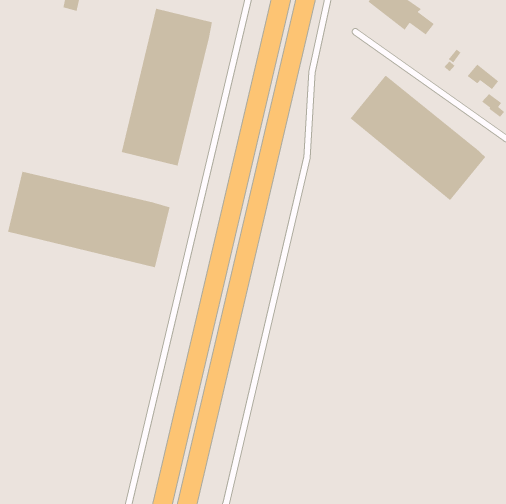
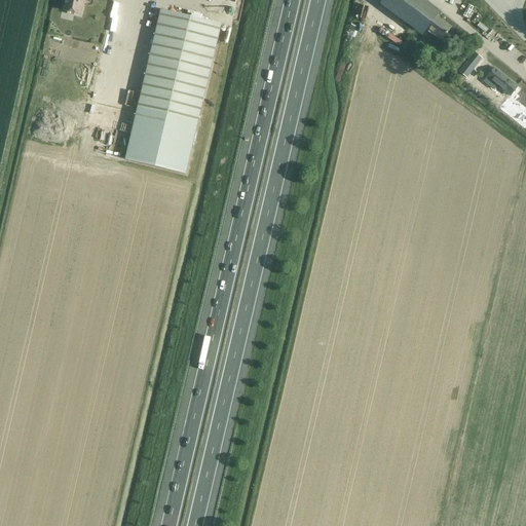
building: [349,74,486,201] -> none
building: [7,171,170,268] -> none

